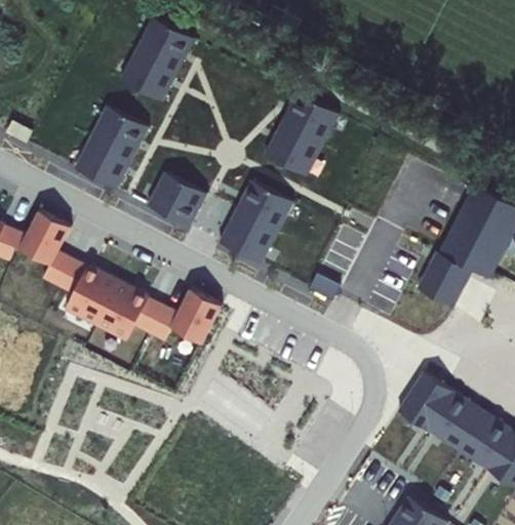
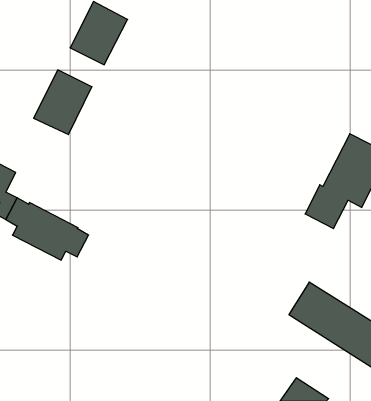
building: [264,90,340,175] -> none
building: [149,169,208,226] -> none
building: [219,178,294,261] -> none
building: [131,295,204,351] -> none

